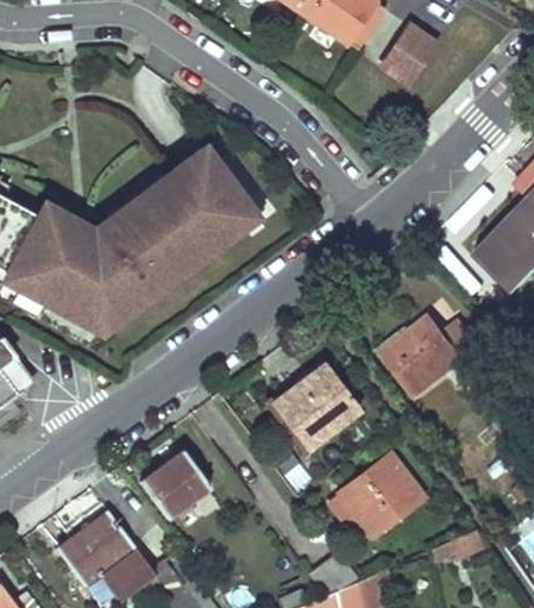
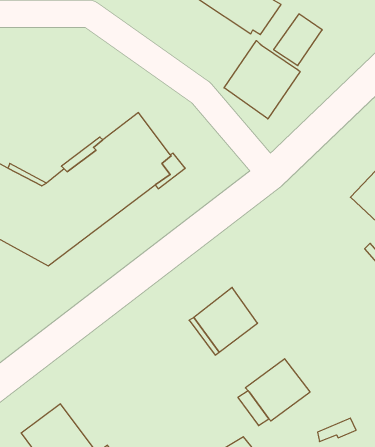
building: none -> [224,41,300,119]
building: [383,315,479,395] -> none
building: [143,451,209,516] -> none

